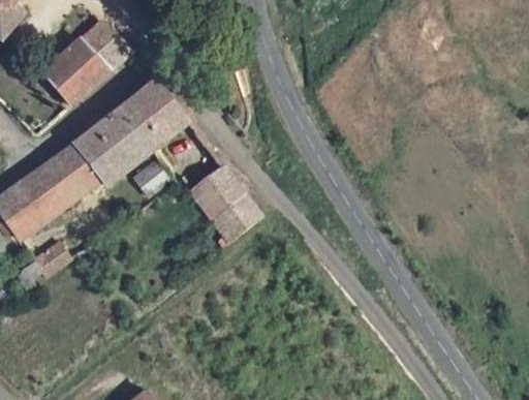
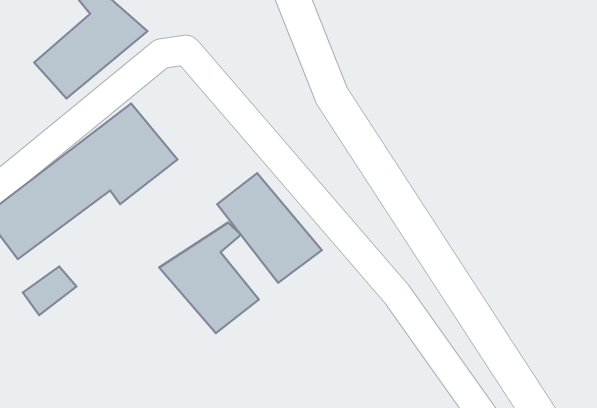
building: [118,79,195,154] -> none
building: none -> [159,223,259,333]

